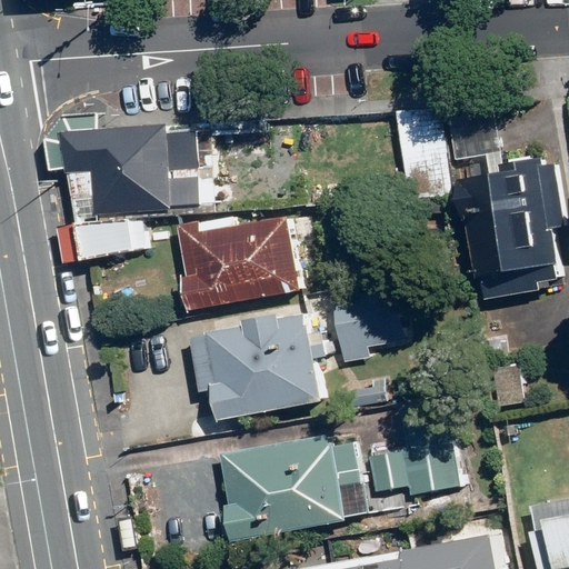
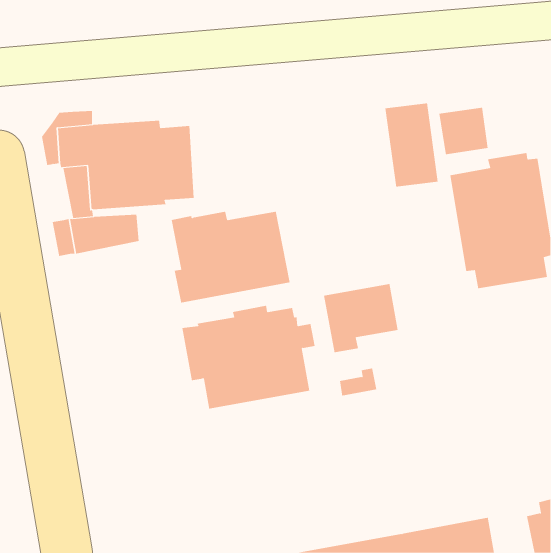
building: [219,435,362,541] -> none
building: [368,441,459,495] -> none

